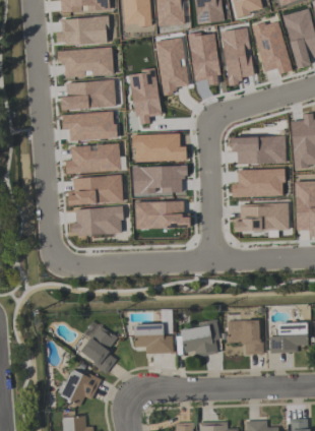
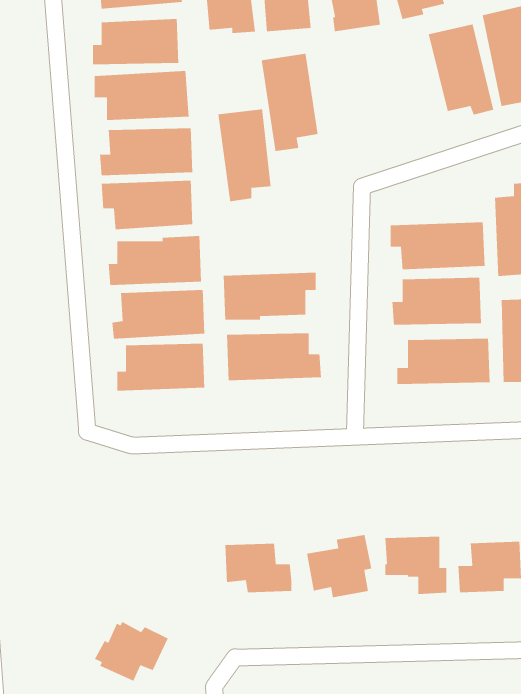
building: [220,27,253,81] -> none
building: [187,32,220,85] -> none
building: [133,133,186,162] -> none
building: [80,324,118,373] -> none

